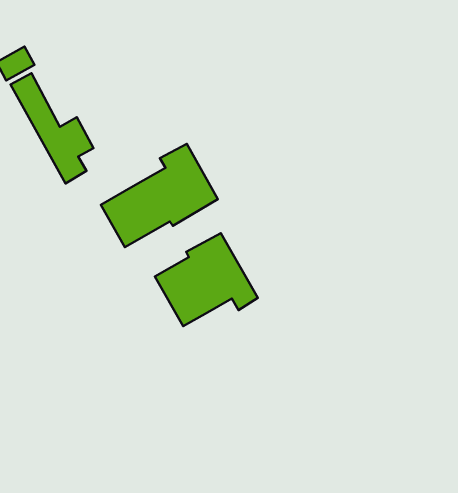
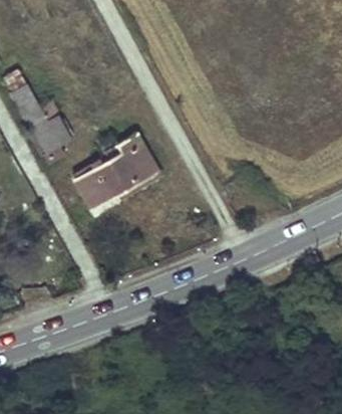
building: [155,233,258,326] -> none

